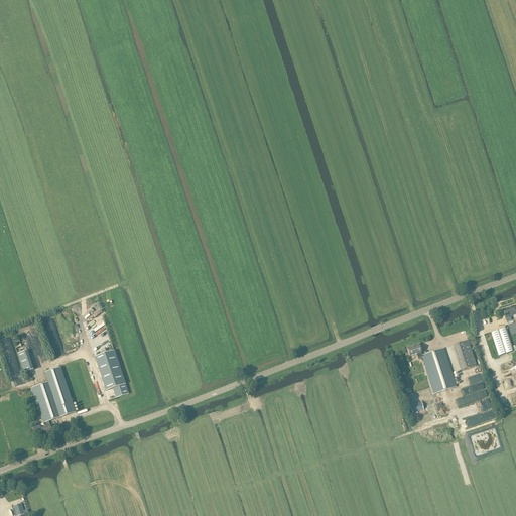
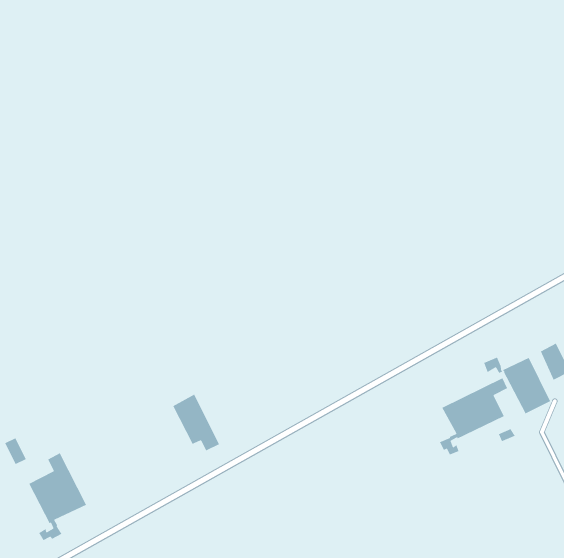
building: [95,349,128,396] -> [172,394,220,452]
building: none -> [439,377,508,456]

